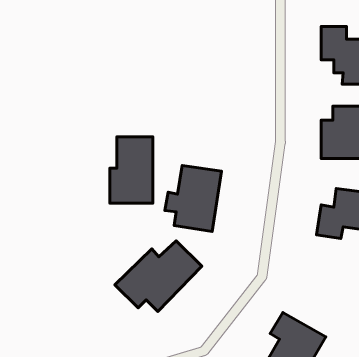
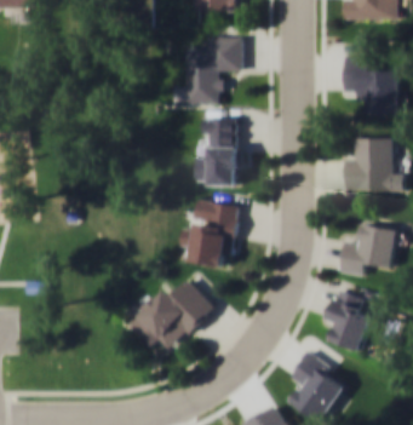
building: none -> [185,35,241,103]
building: [110,137,153,203] -> [196,116,241,185]
building: none -> [325,288,372,351]

